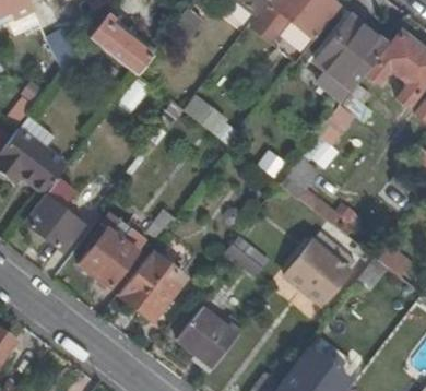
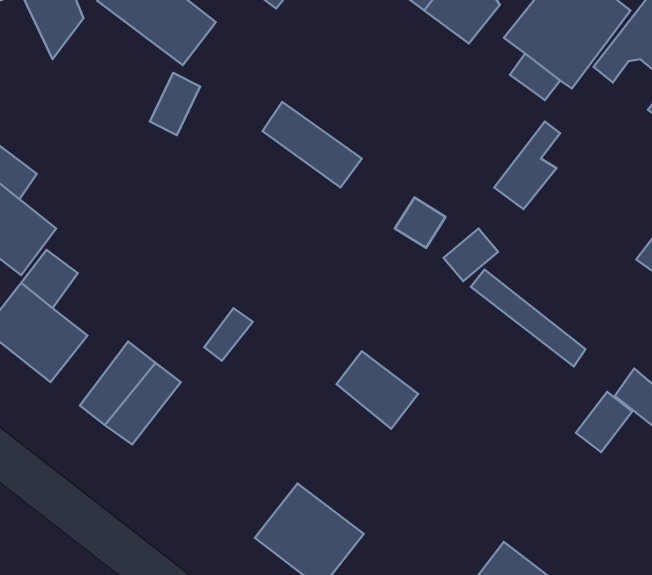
building: [292,239,350,296] -> none
building: [117,250,186,320] -> none

